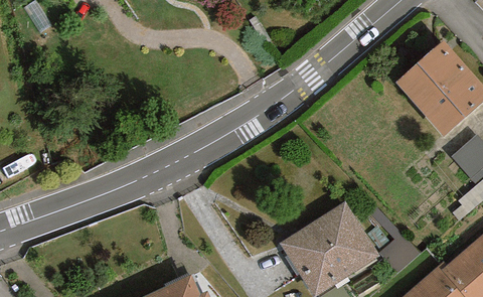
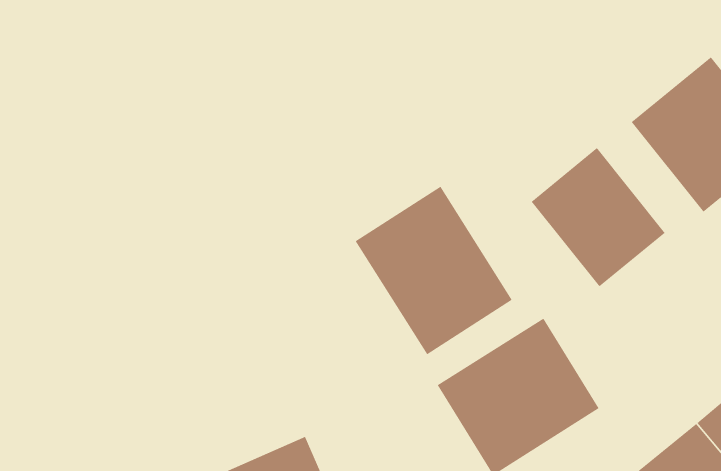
building: none -> [531,147,666,287]
building: none -> [355,186,513,355]

